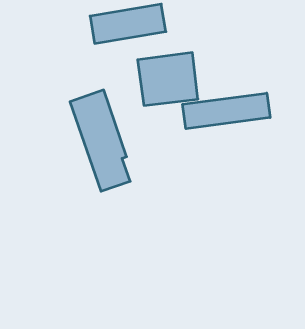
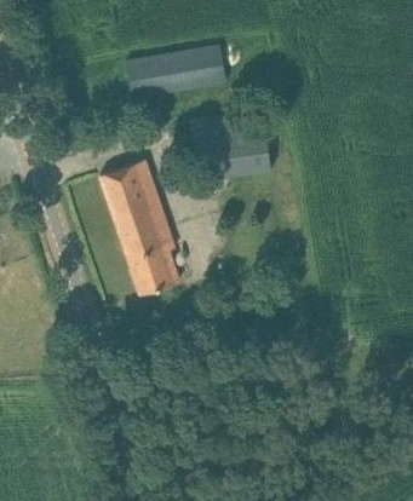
building: [183,93,270,129] -> none

